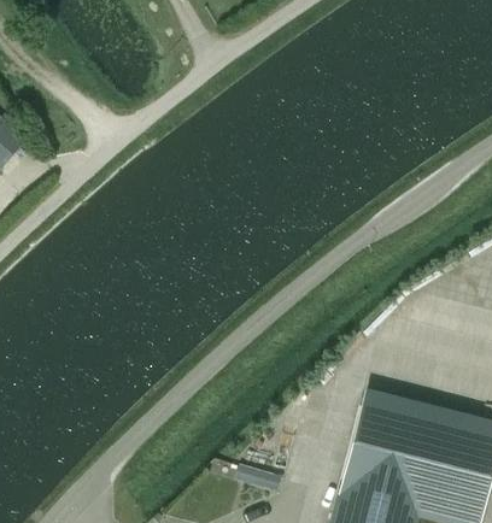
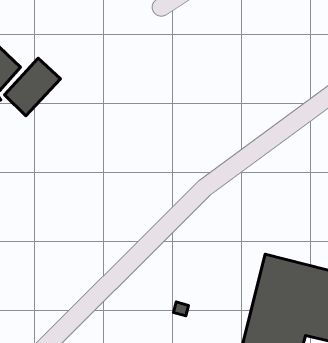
building: none -> [4,58,61,116]

